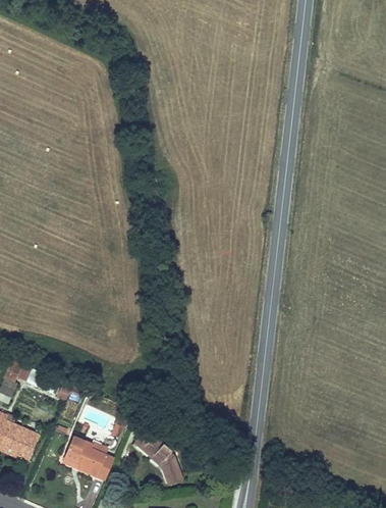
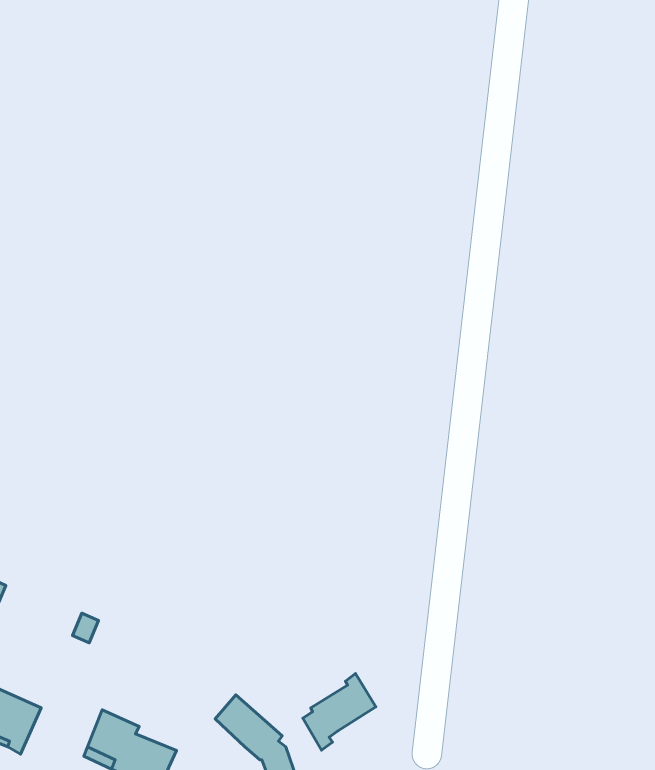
building: none -> [303,674,376,750]

